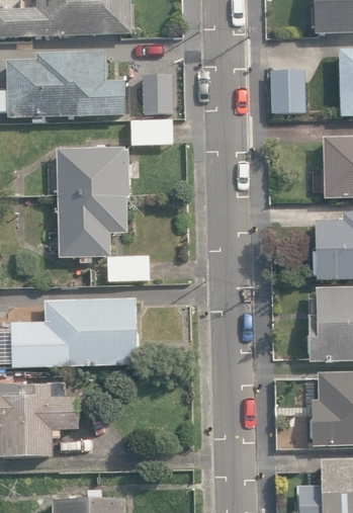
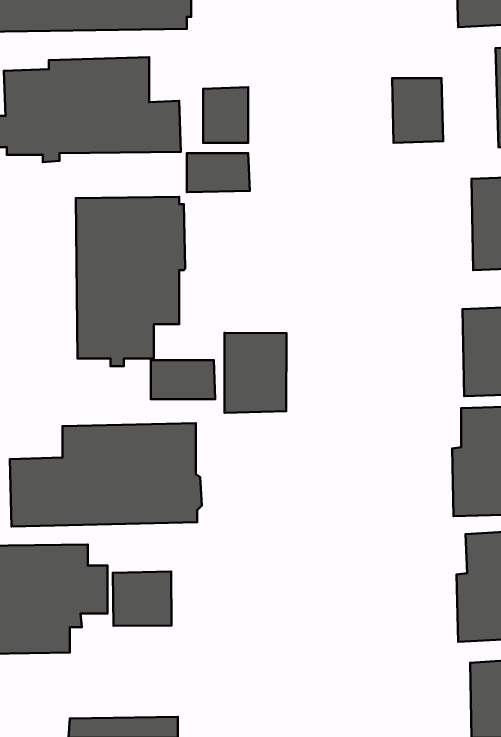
building: none -> [225,333,286,413]
building: none -> [113,571,172,626]

